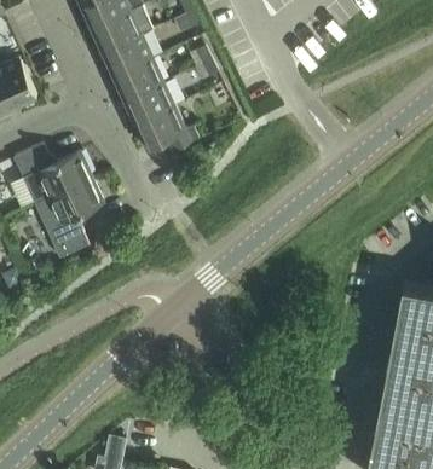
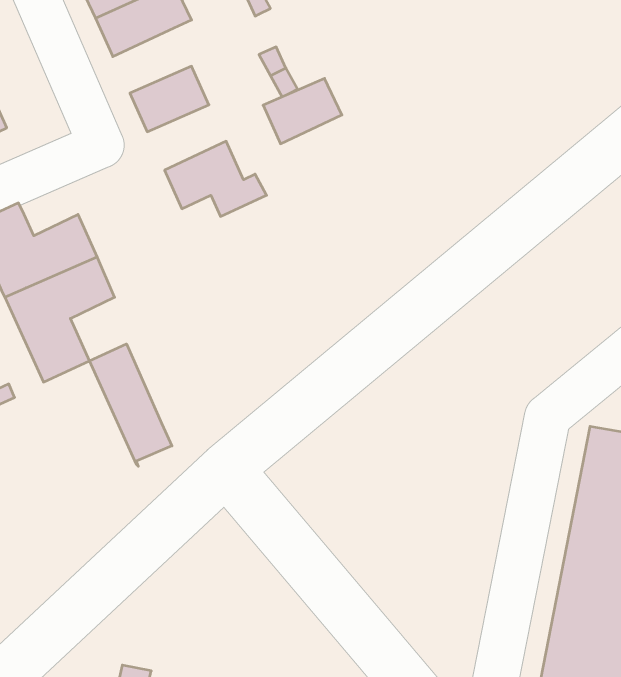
building: [104,35,154,76] -> none
building: [126,83,175,125] -> [263,78,342,144]
building: none -> [90,344,172,466]

